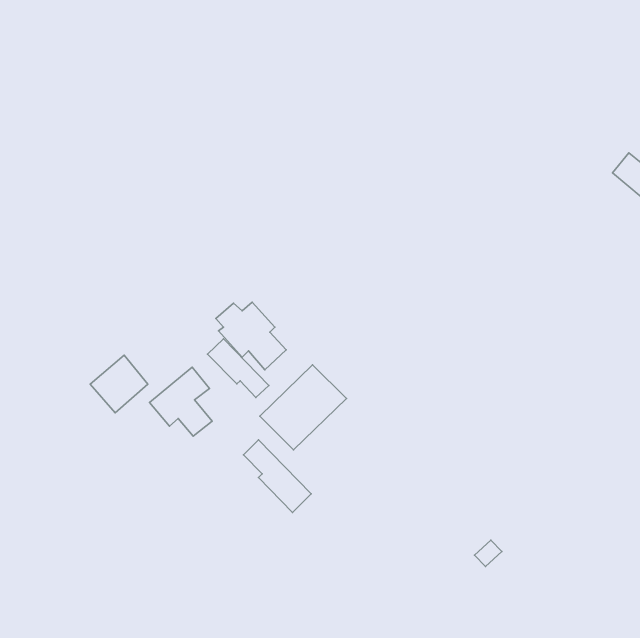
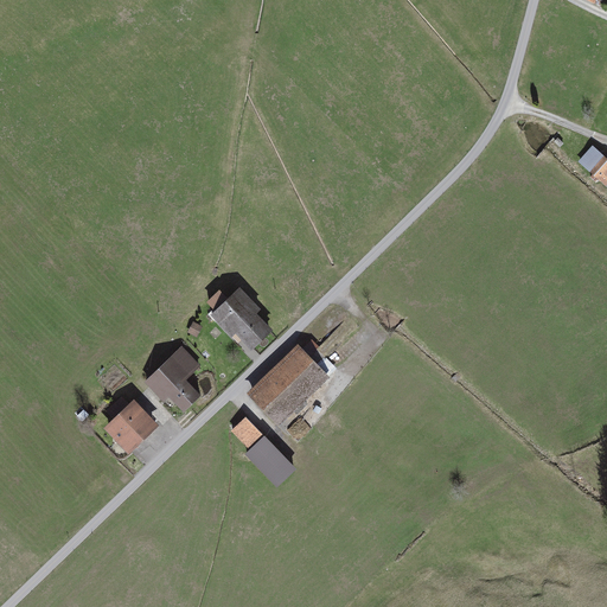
building: [207,339,269,397] -> none
building: [90,355,148,413] -> [101,398,155,453]

